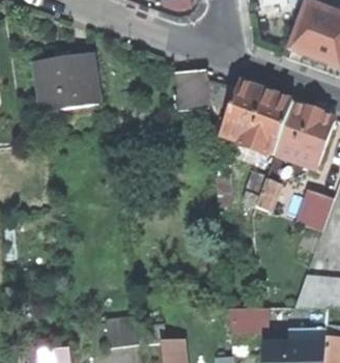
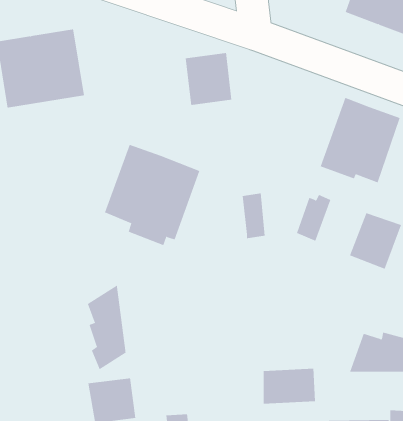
building: [222,83,293,159] -> [104,144,200,246]
building: none -> [87,284,126,370]

